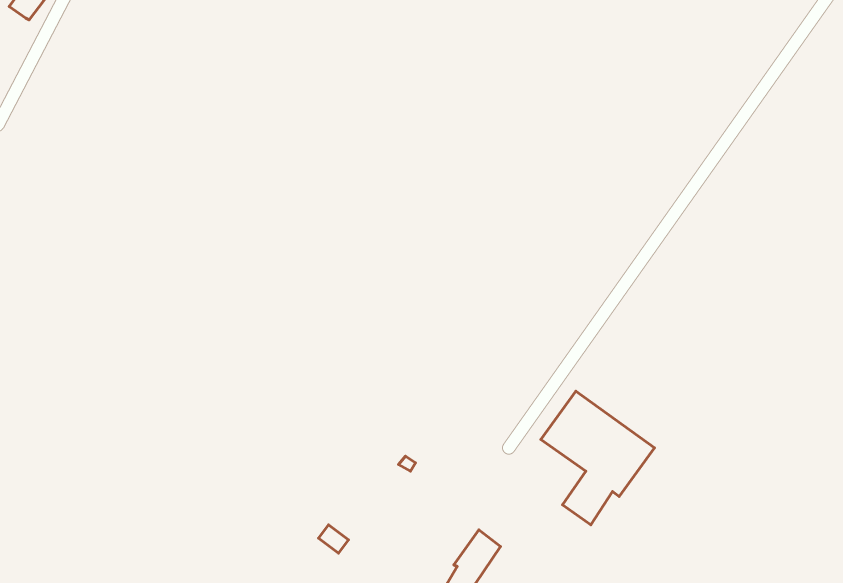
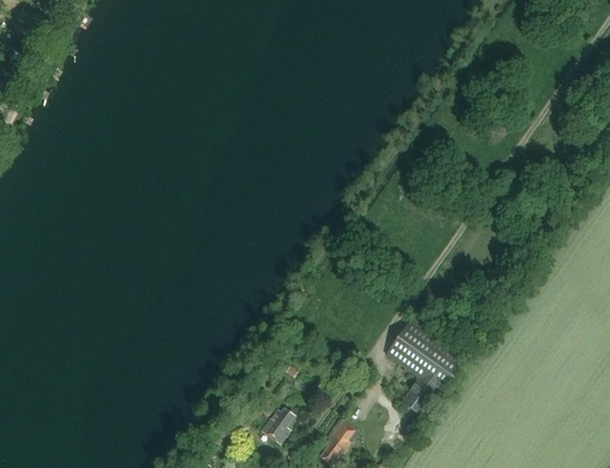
building: none -> [261,408,294,443]

